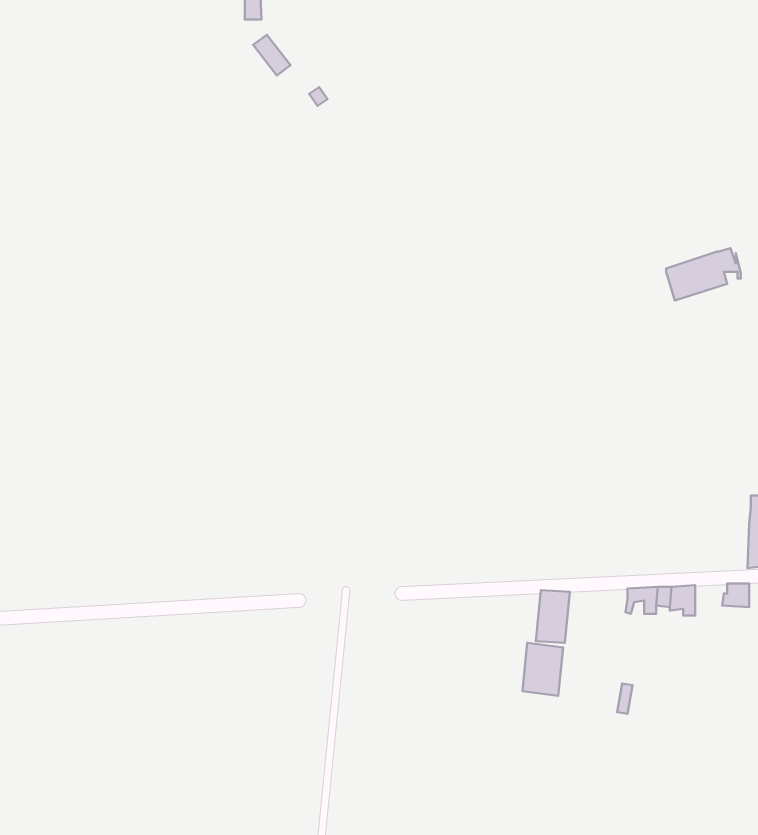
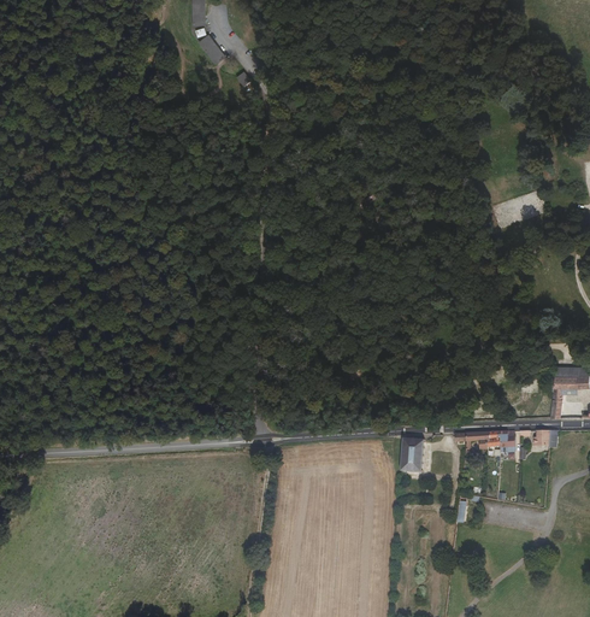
building: [522,643,563,696] -> none

